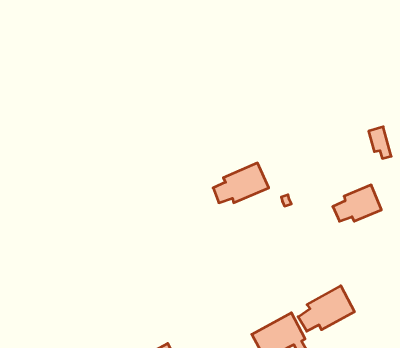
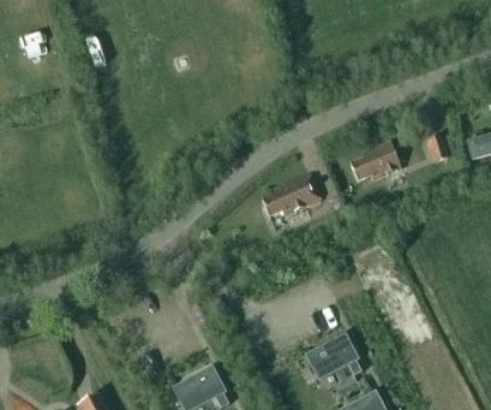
building: [333,185,381,221] -> [349,141,401,179]
building: [298,286,354,331] -> none

